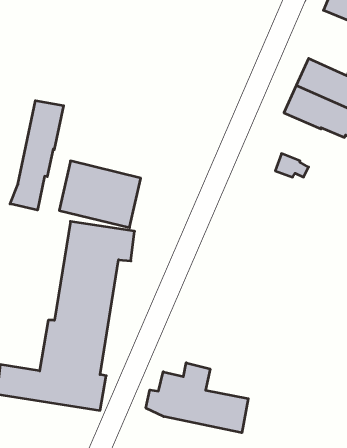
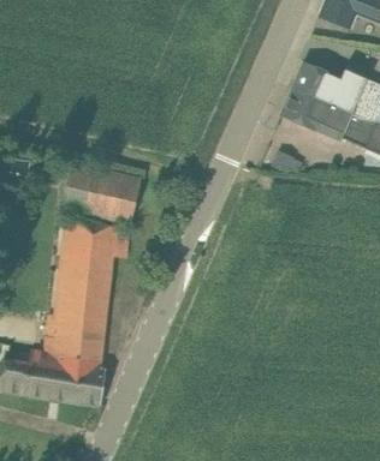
building: [10,101,64,210] -> none
building: [146,363,248,433] -> none

